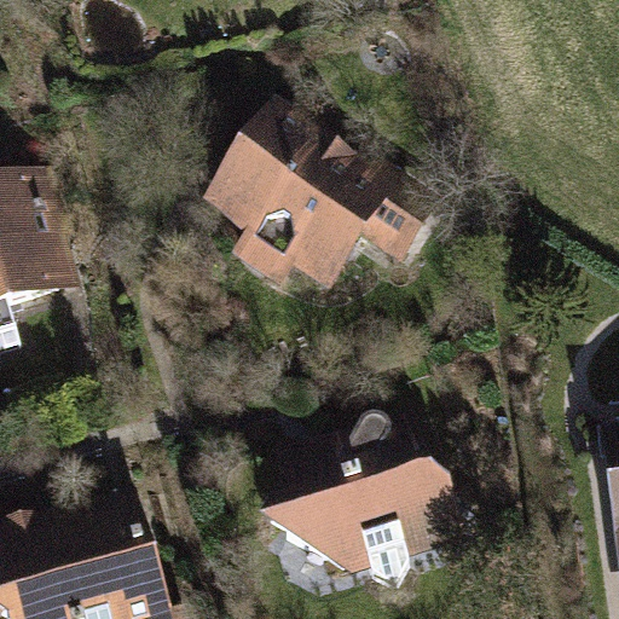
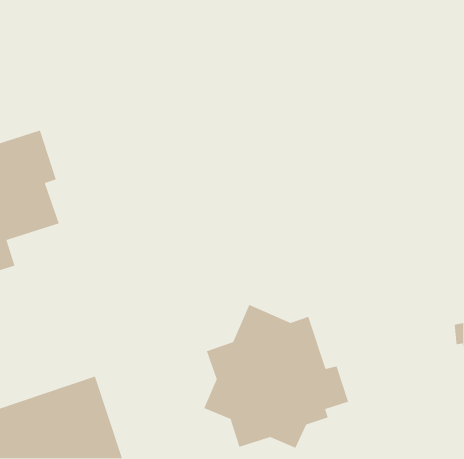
building: [196,102,433,297] -> none

